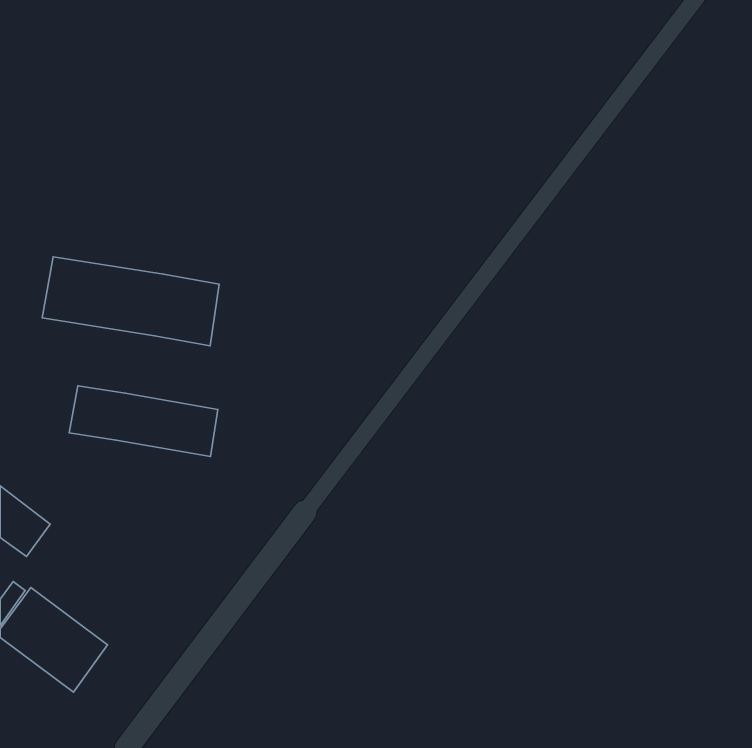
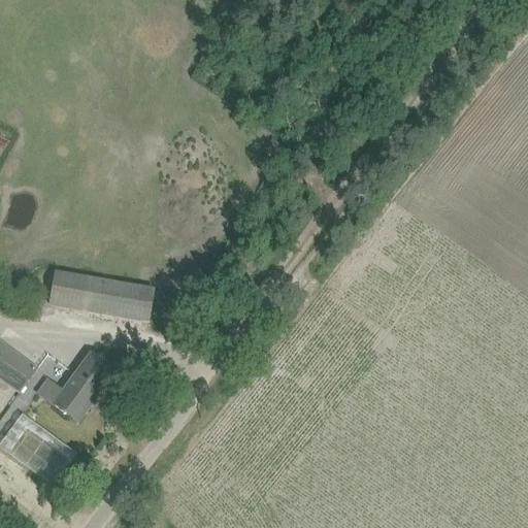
building: [42,257,219,346] -> none
building: none -> [37,352,116,421]

